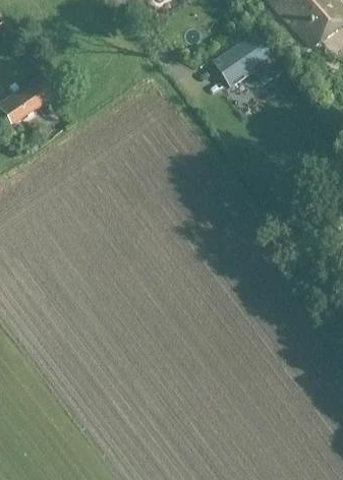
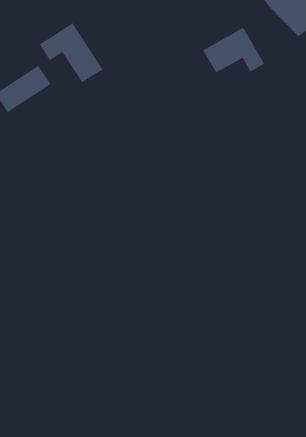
building: none -> [39,22,104,83]

